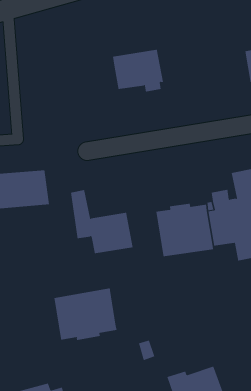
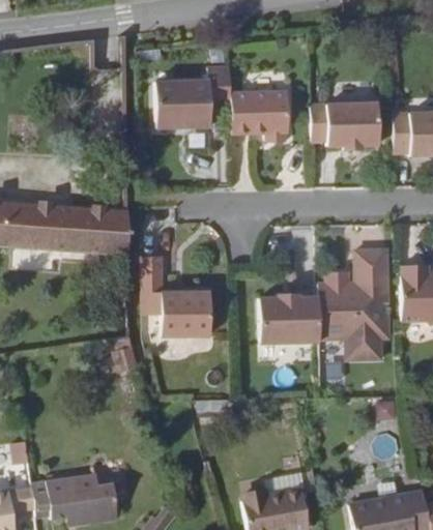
building: none -> [153,62,230,124]
building: none -> [312,96,379,139]
building: [54,287,117,341] -> none

